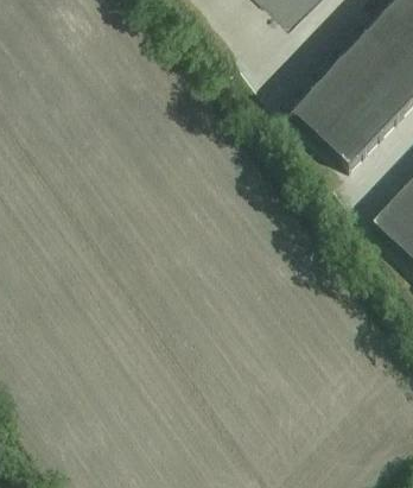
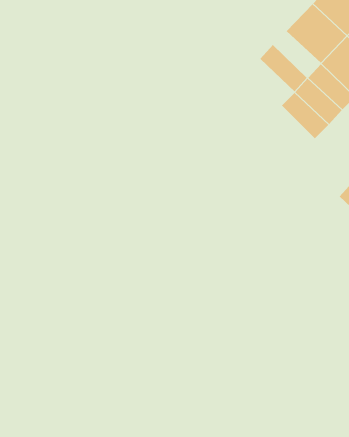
building: [311,64,358,110] -> none
building: [285,91,332,138] -> none

